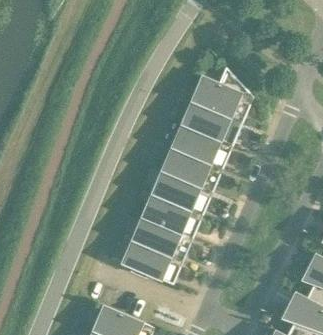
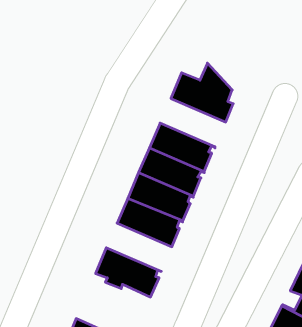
building: [180,100,241,145] -> none
building: [130,216,191,261] -> none

